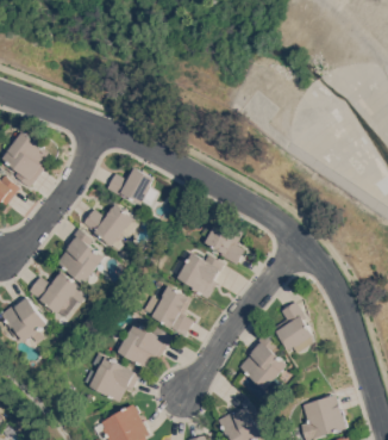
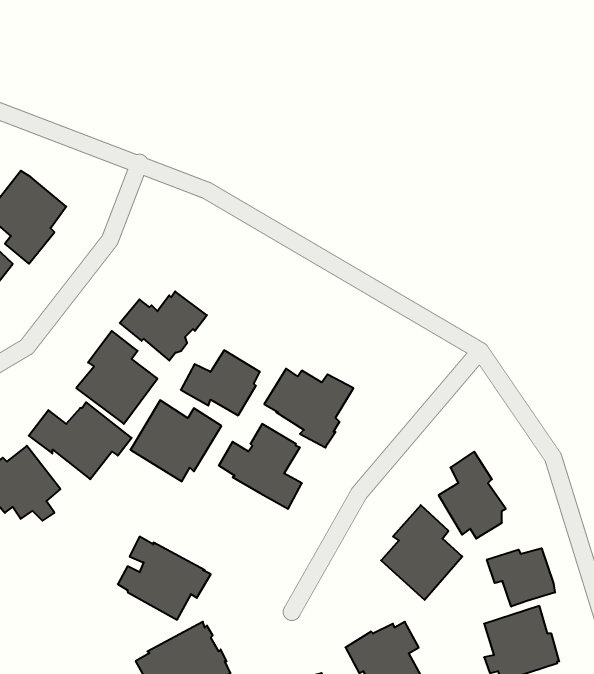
building: [106,165,154,204] -> [181,350,260,415]
building: [204,218,244,265] -> none
building: [115,321,170,370] -> [130,400,221,481]
building: none -> [487,548,555,607]

